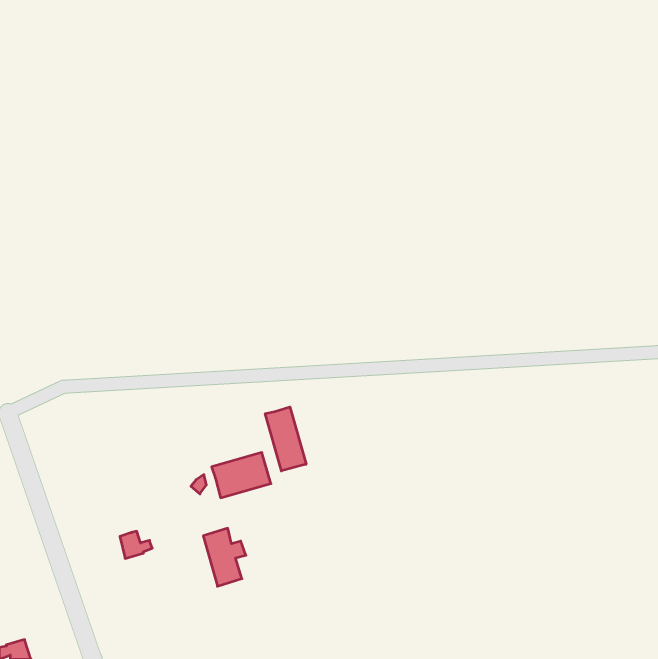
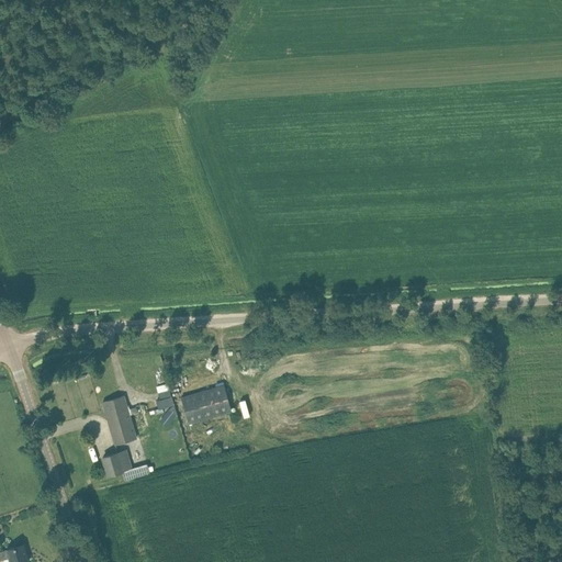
building: [265,407,306,471] -> none
building: [203,528,246,586] -> [102,395,138,445]

